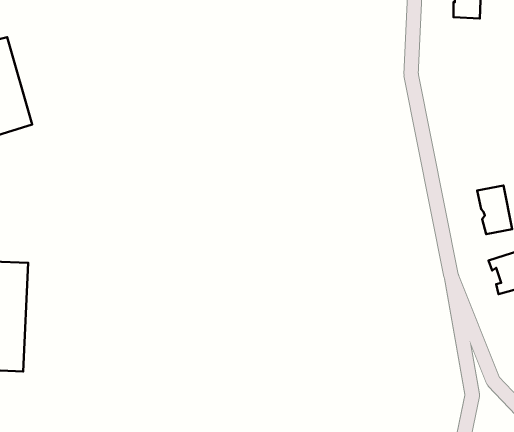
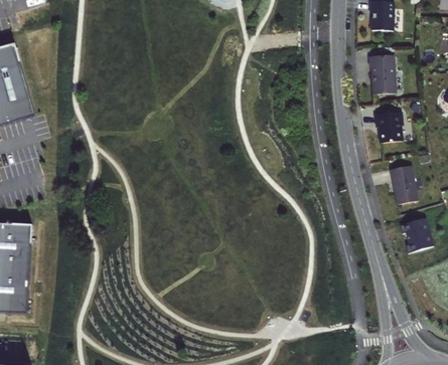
building: none -> [369,53,396,93]
building: none -> [375,110,403,141]

